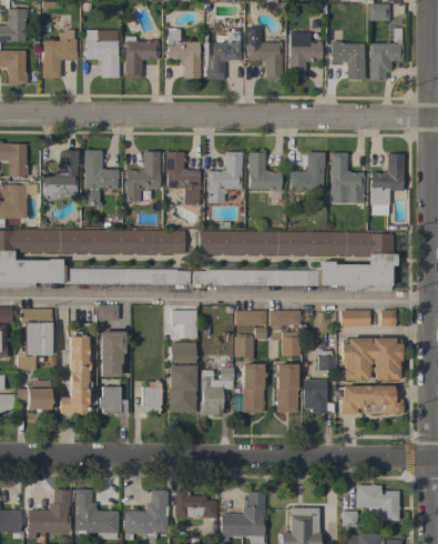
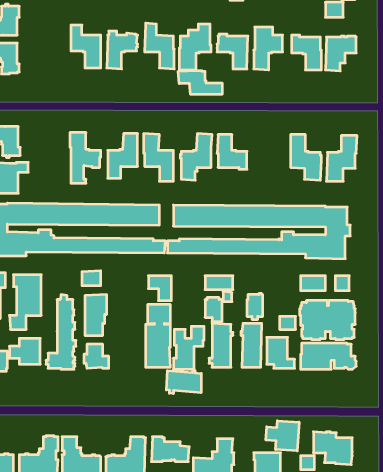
building: [42,39,78,78] -> none
building: none -> [178,71,222,94]
building: [44,151,78,201] -> none
building: [289,151,325,190] -> none
building: [269,310,301,325] -> none
building: [141,382,162,413] -> none
building: none -> [166,371,201,394]
building: none -> [266,421,299,451]

